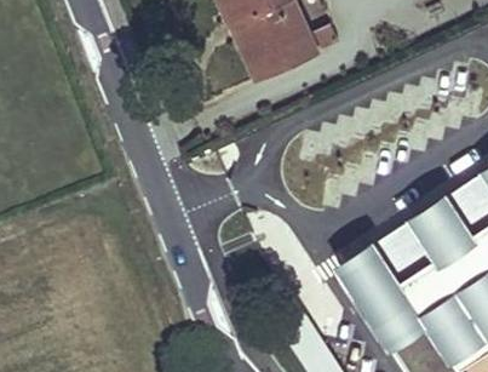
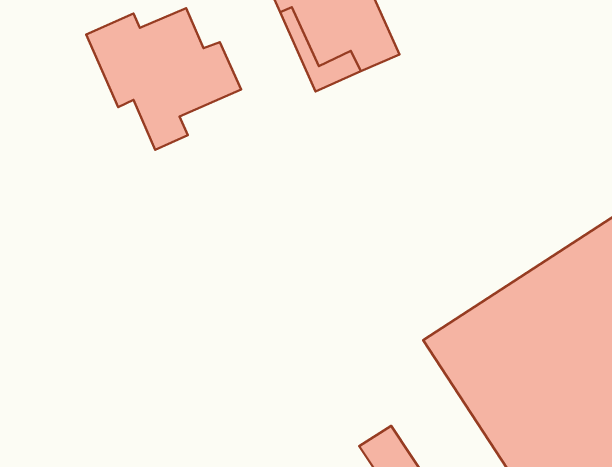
building: none -> [86,8,241,150]

